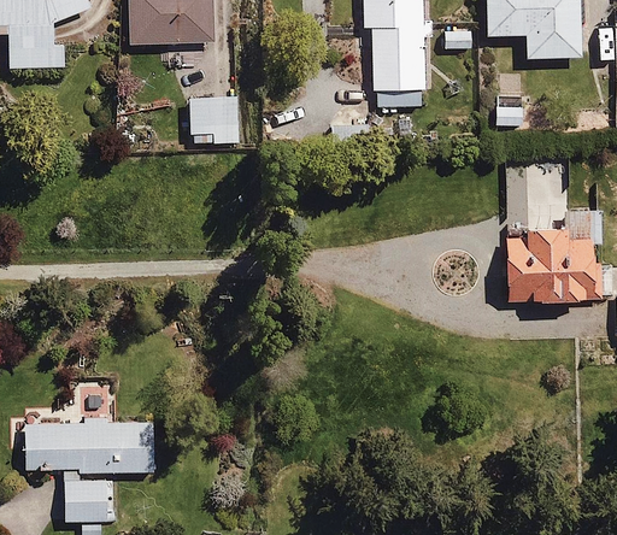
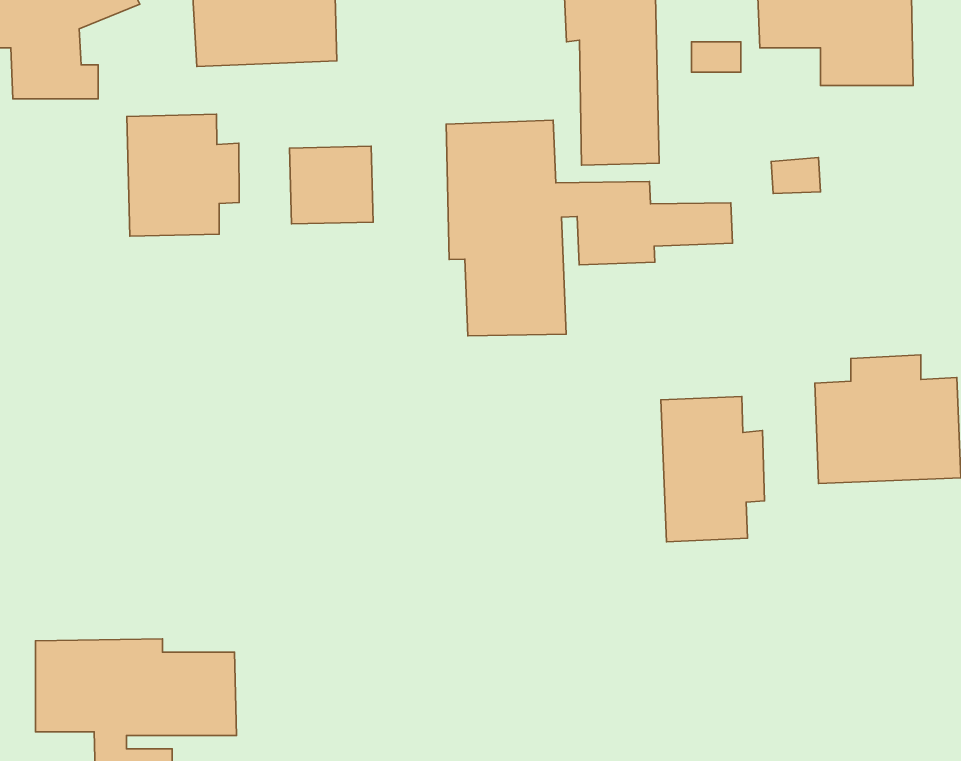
building: none -> [127,114,239,236]
building: none -> [446,120,732,336]
building: none -> [661,396,765,542]

